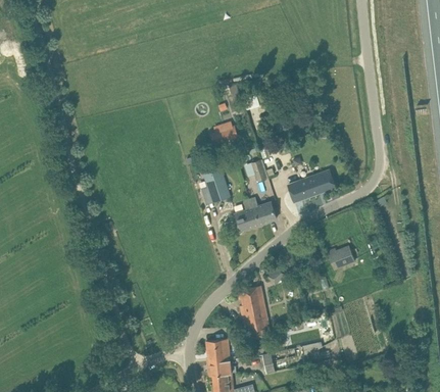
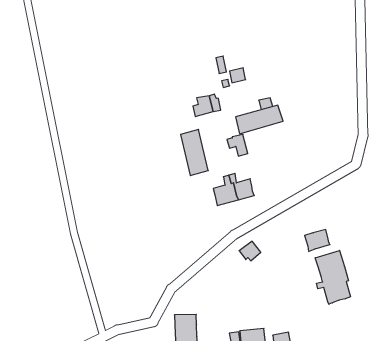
building: [288,171,335,202] -> [236,105,283,134]
building: none -> [315,250,351,304]
building: [237,286,270,339] -> none

